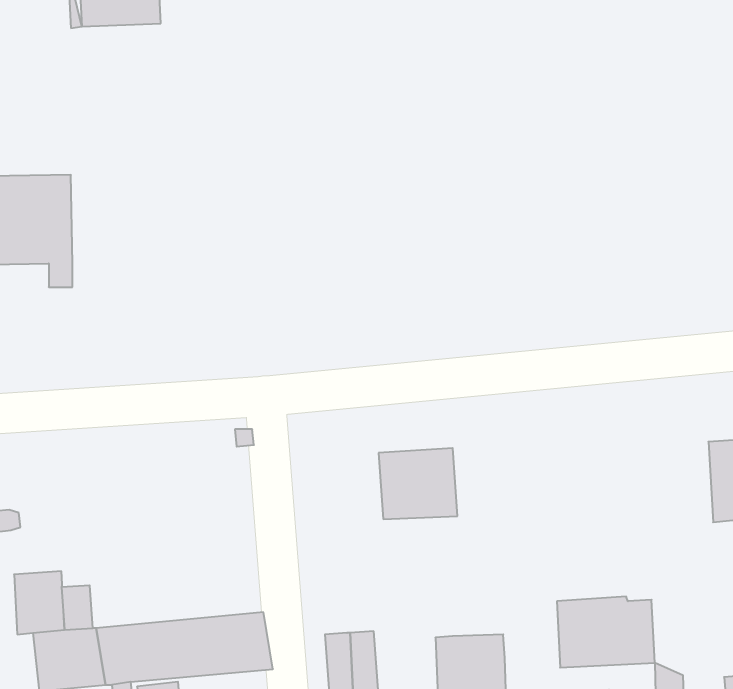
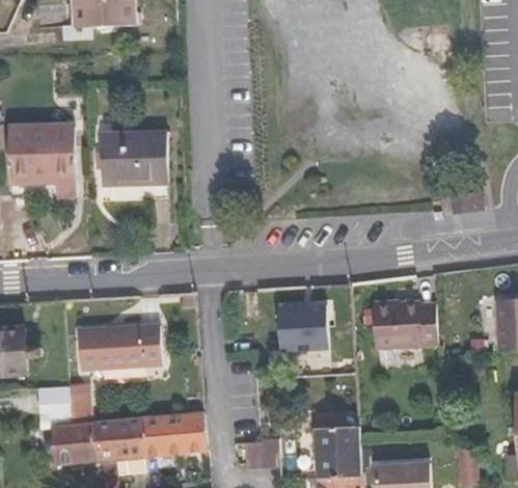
building: none -> [100,130,168,185]
building: none -> [78,323,162,369]
building: [557,597,655,668] -> [374,302,438,349]

